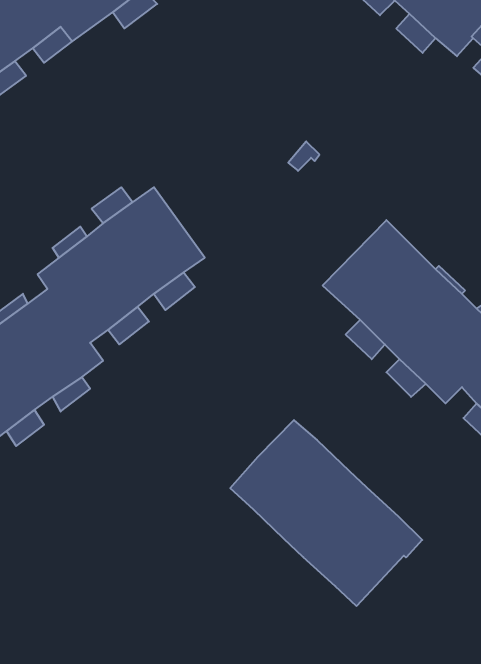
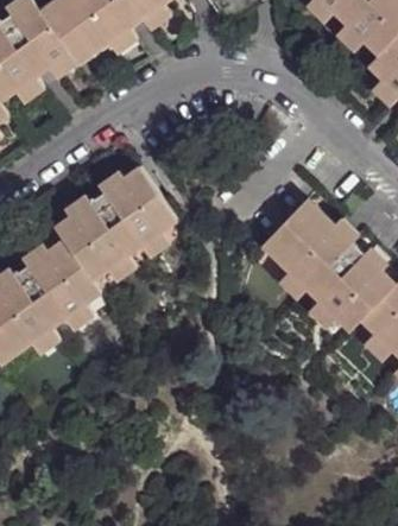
building: [230,420,422,606] -> none

